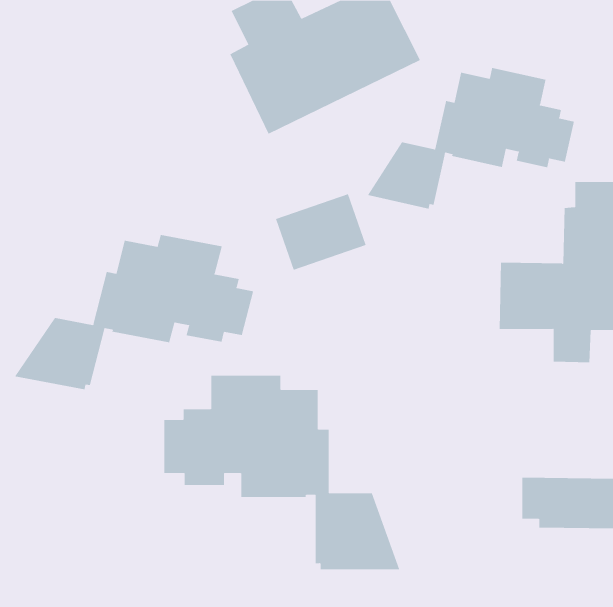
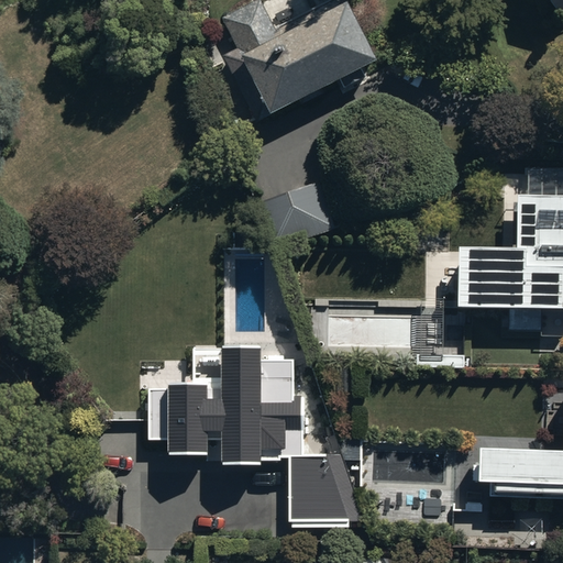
building: [367,67,574,209] -> none
building: [14,234,254,390] -> none

